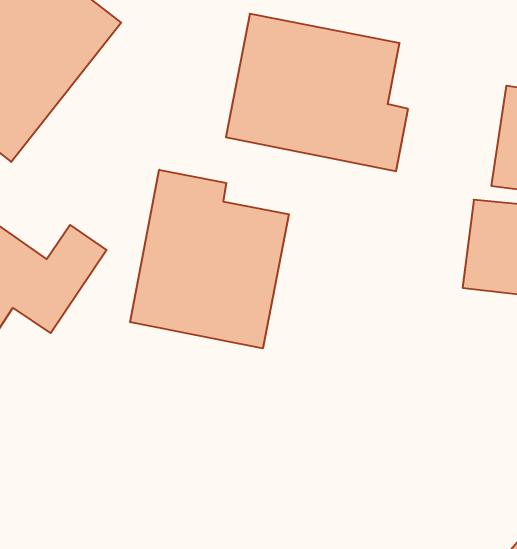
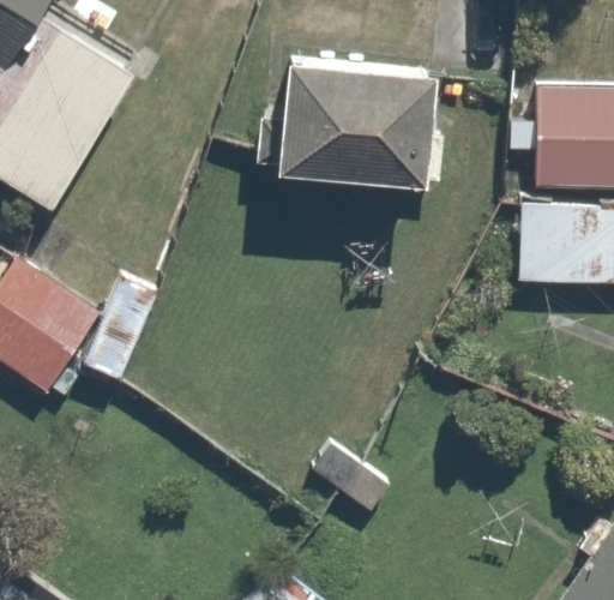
building: [130,170,289,348] -> none

